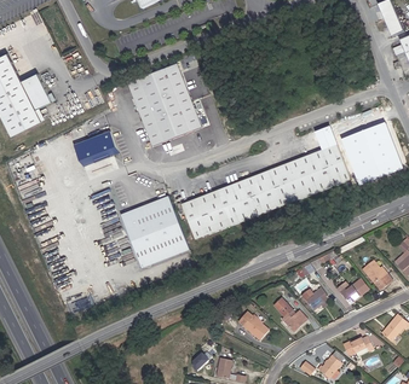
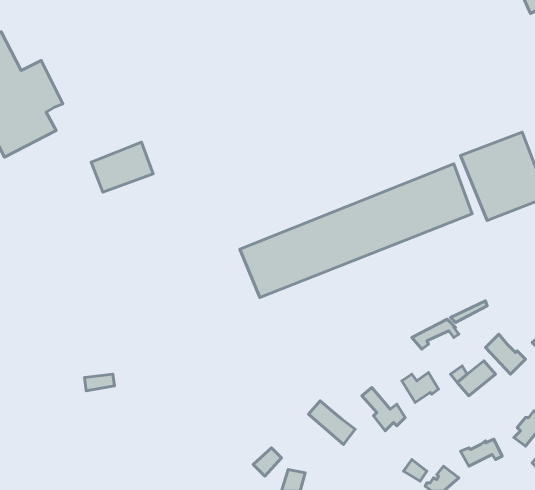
building: [127,60,201,144] -> none
building: [125,196,180,263] -> none

